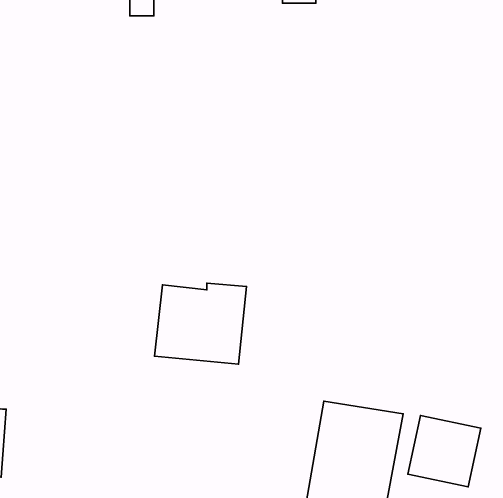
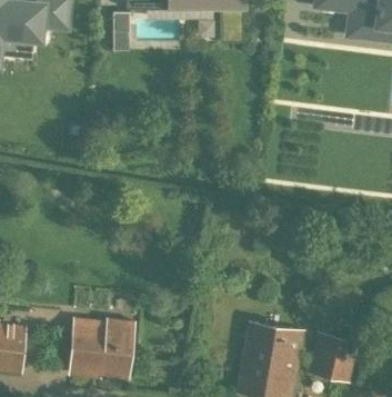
building: [154,283,247,364] -> [69,321,133,378]

